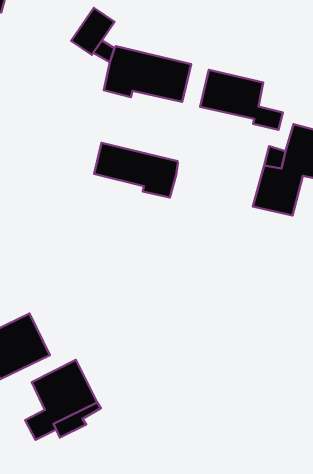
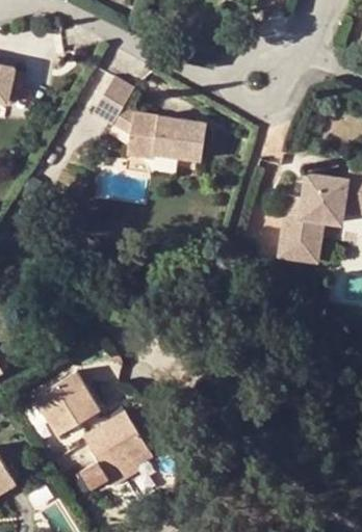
building: [200,70,283,130] -> none
building: [94,143,178,198] -> none

